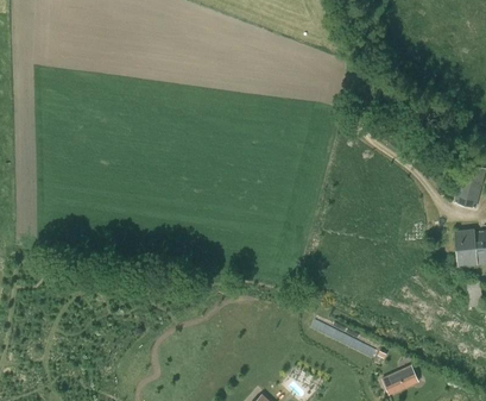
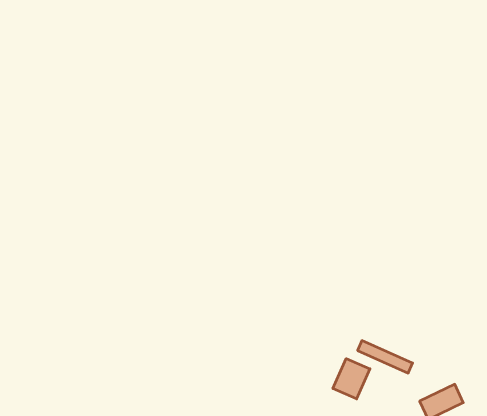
building: none -> [333,359,370,399]

